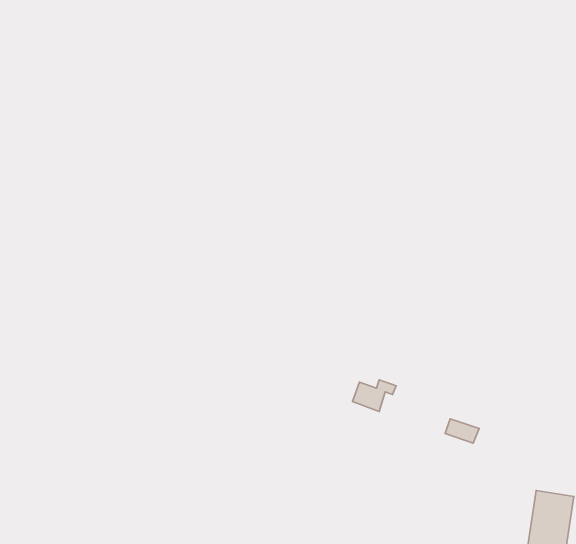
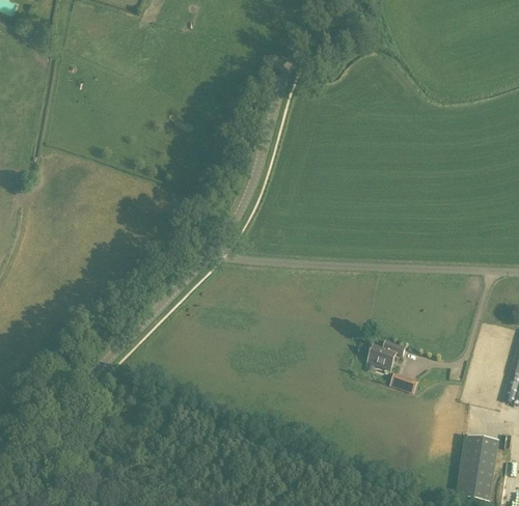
building: [352,380,396,411] -> [367,341,405,368]

